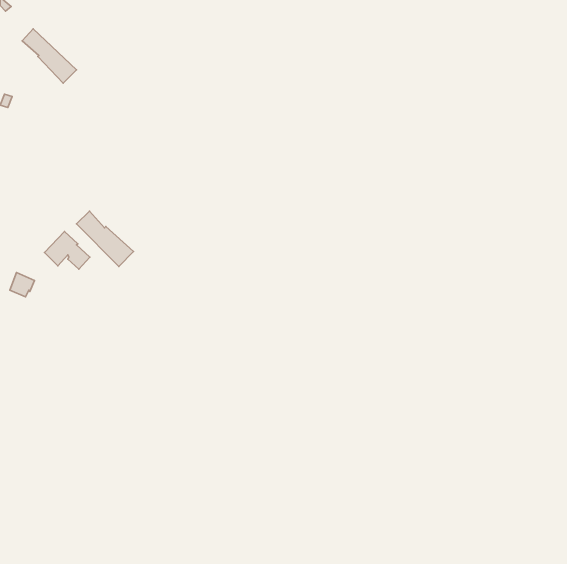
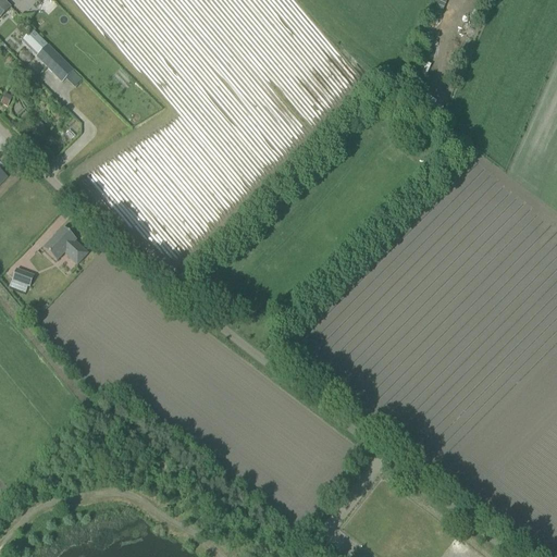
building: [76,211,133,267] -> none

